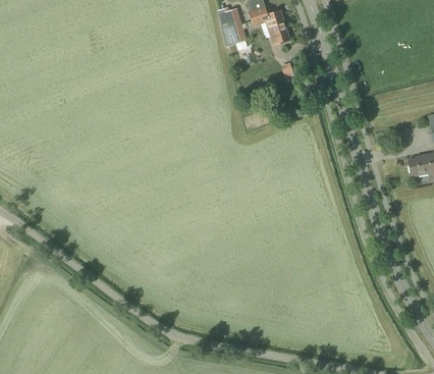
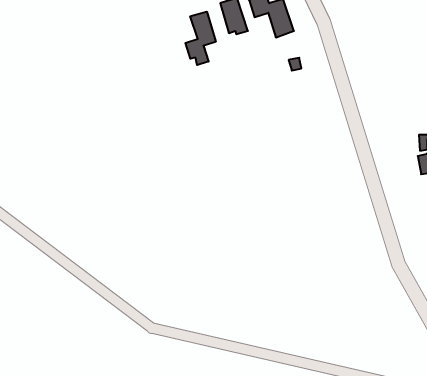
building: none -> [185,12,216,65]

